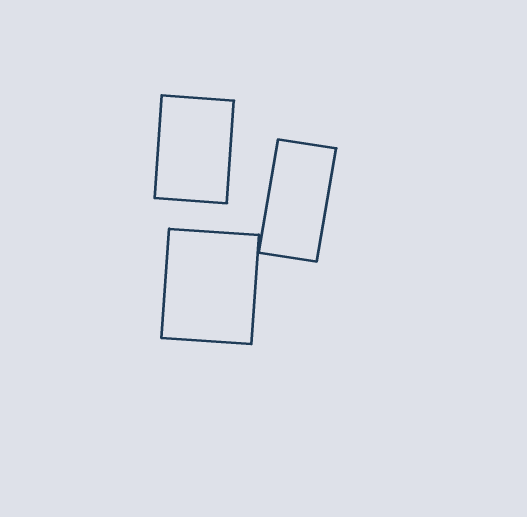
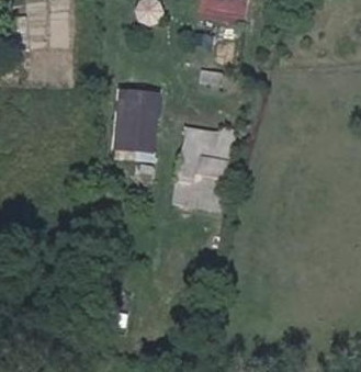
building: [162,229,259,344] -> none

